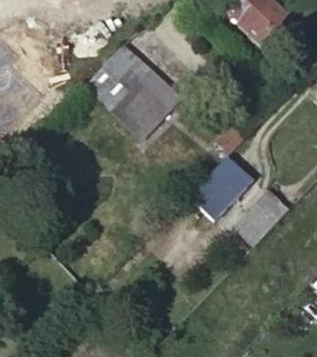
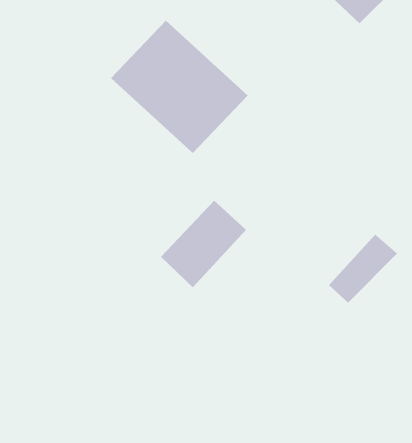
building: [193,158,254,220] -> [160,200,247,288]

